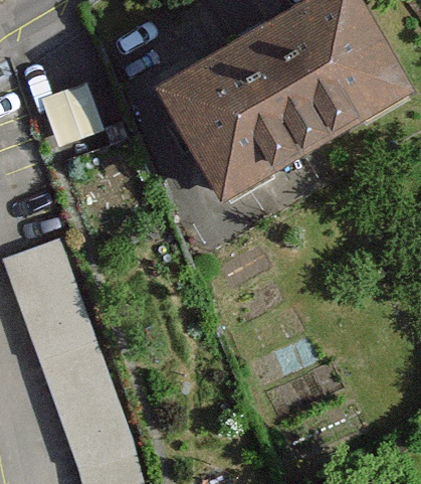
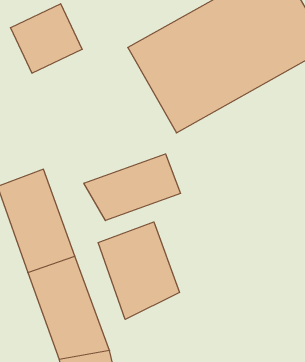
building: none -> [84,154,180,221]
building: none -> [98,222,179,319]

